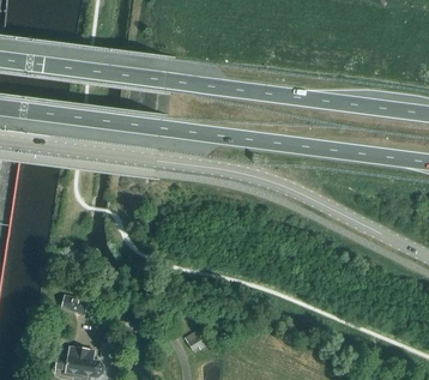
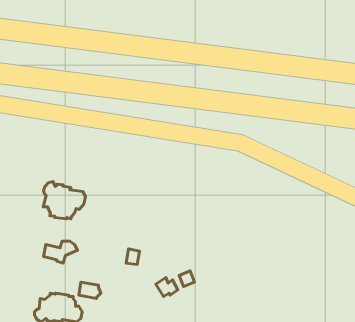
building: none -> [43,182,85,219]

